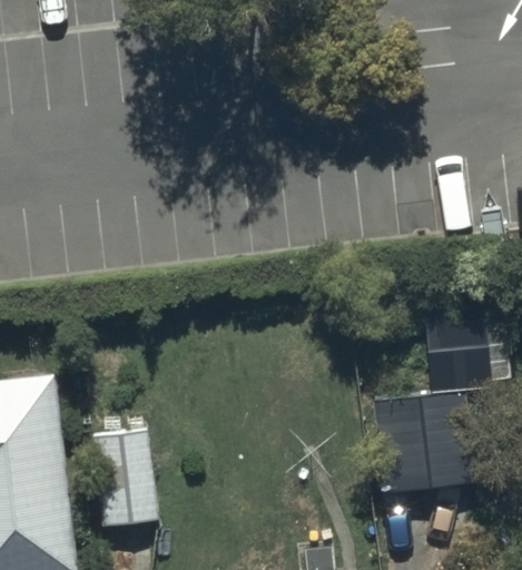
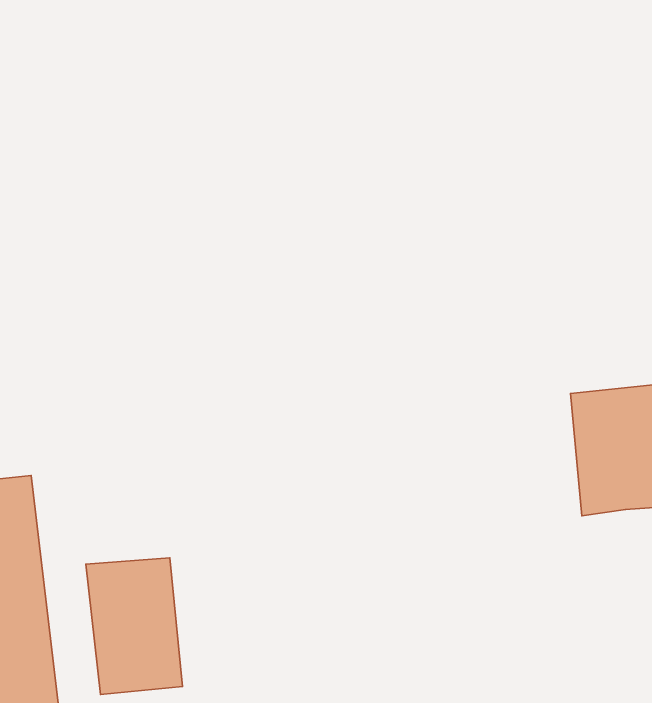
building: [373,395,475,504] -> none

